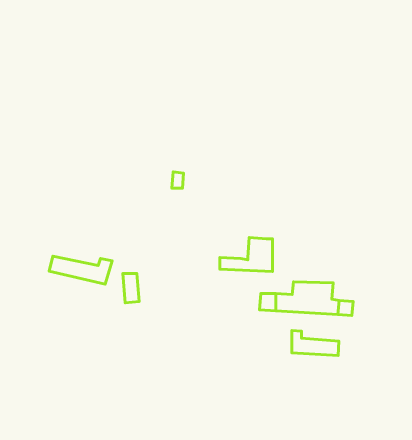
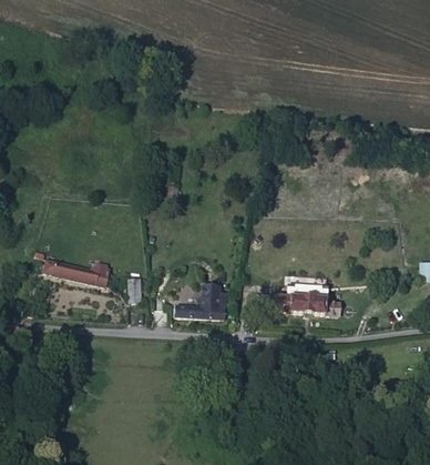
building: [220,238,272,271] -> [175,286,225,319]
building: [292,330,339,356] -> none

